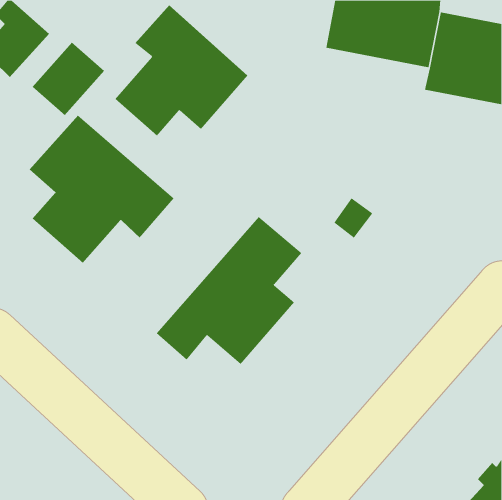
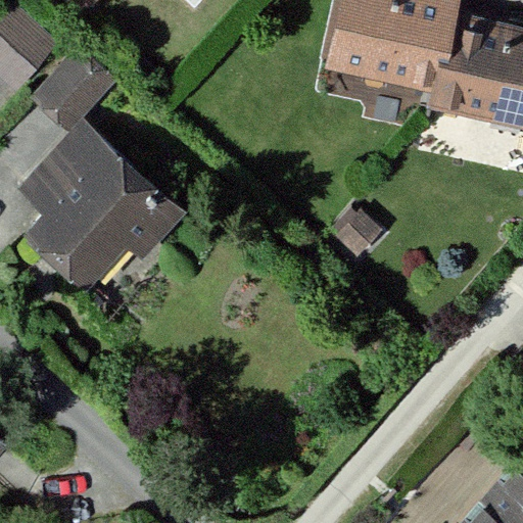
building: [114,4,248,136] -> none
building: [156,216,302,365] -> none

